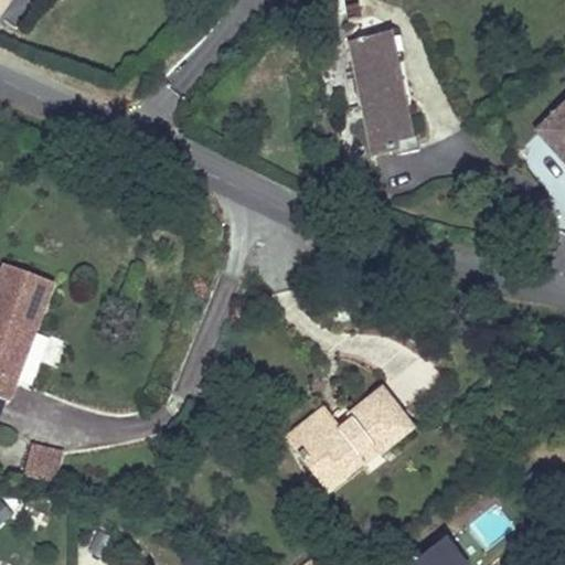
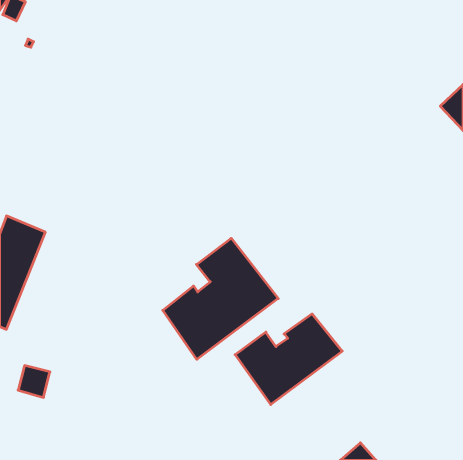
building: [350,33,416,151] -> none
building: none -> [163,238,278,359]

